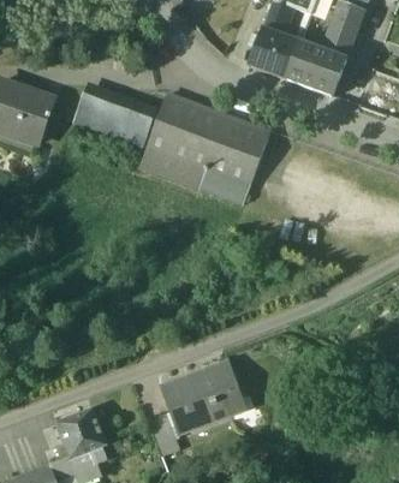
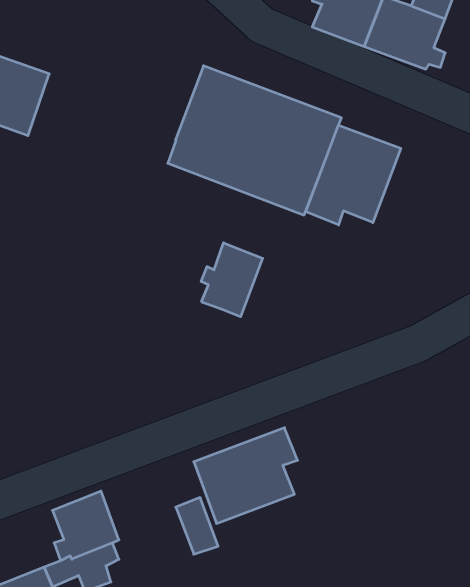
building: [72,85,156,148] -> none
building: none -> [306,125,401,225]
building: none -> [201,243,263,317]

